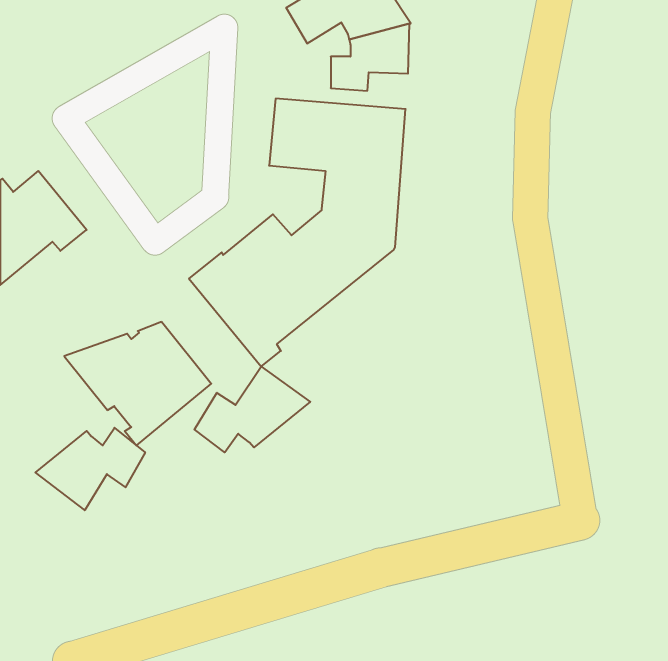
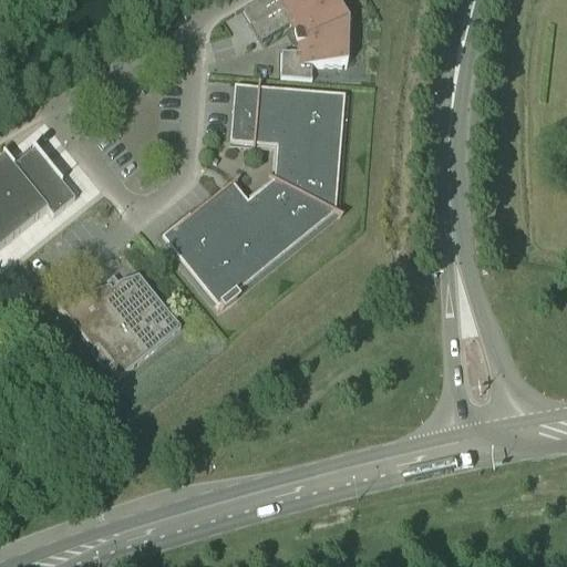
building: [194,367,310,452] -> none
building: [35,428,145,510] -> none

